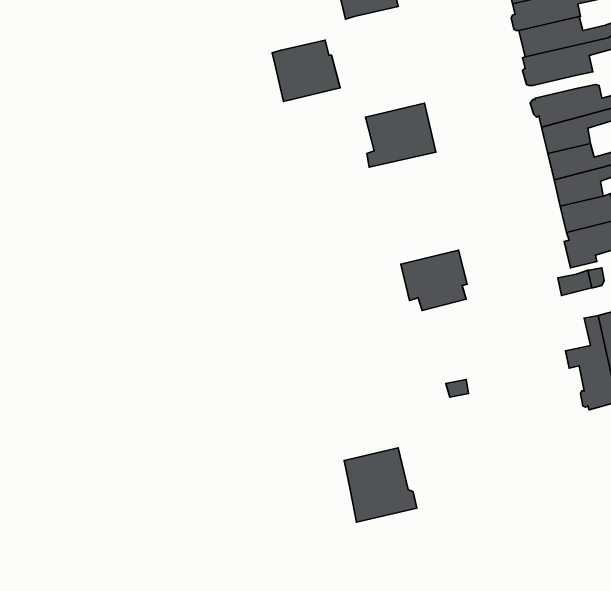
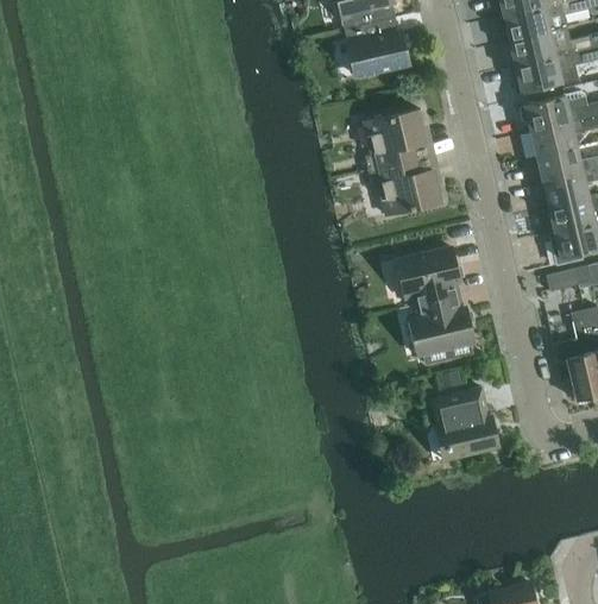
building: [272,40,340,102] -> [345,18,409,76]
building: none -> [367,156,441,215]
building: none -> [415,295,474,364]
building: [344,448,417,522] -> [429,388,498,458]

